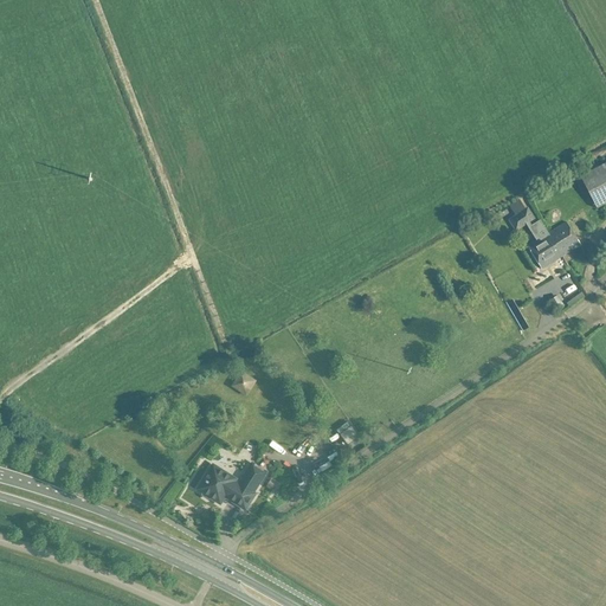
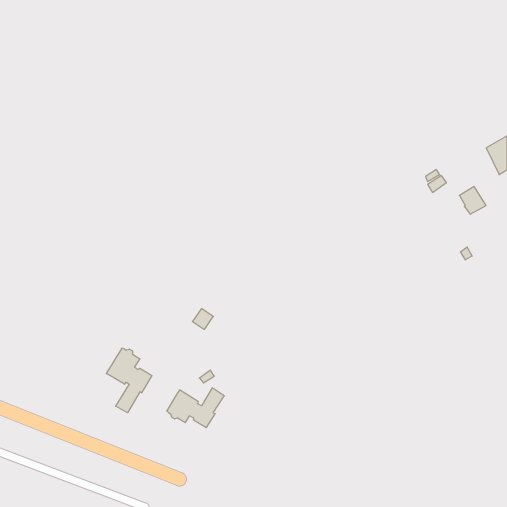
building: [527,233,561,269] -> none
building: none -> [106,348,152,413]

